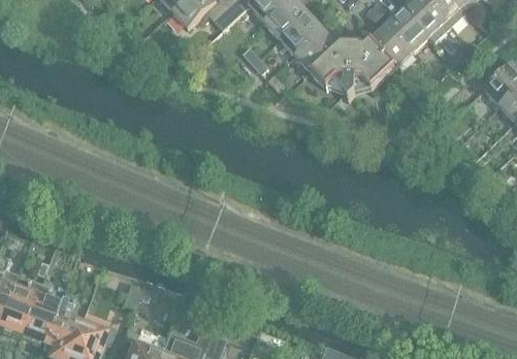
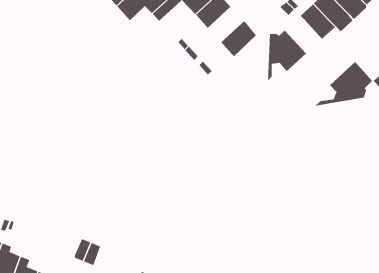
building: [279,10,322,52] -> none
building: [369,21,413,65] -> none
building: [310,41,351,98] -> none
building: none -> [313,61,373,107]

